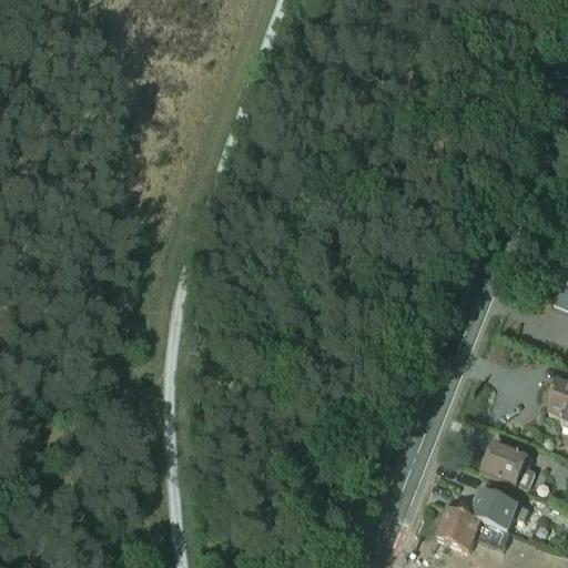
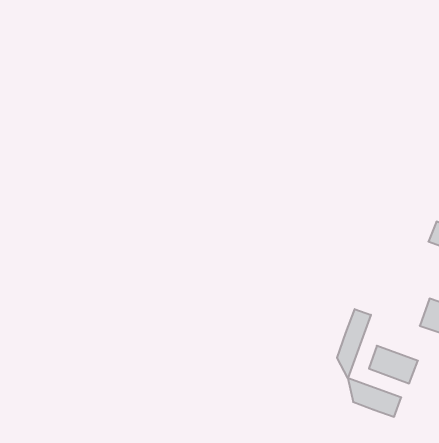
building: none -> [337,309,371,378]
building: [447,509,485,552] -> none

